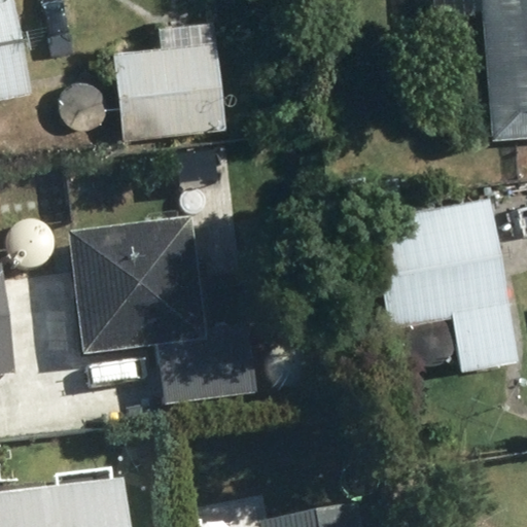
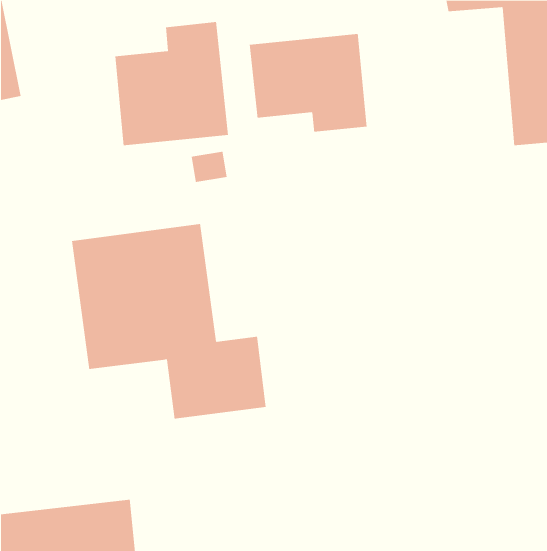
building: none -> [249,33,367,133]
building: [326,175,517,372] -> none

